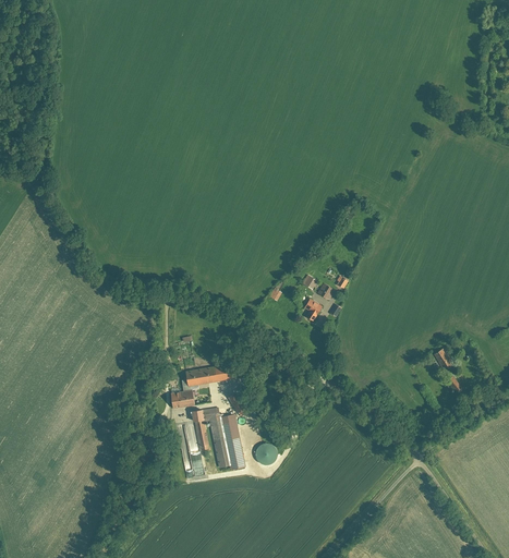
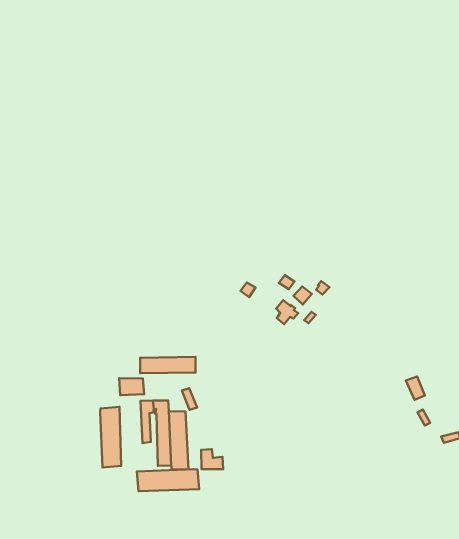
building: none -> [100,407,121,467]
building: none -> [137,469,199,491]

